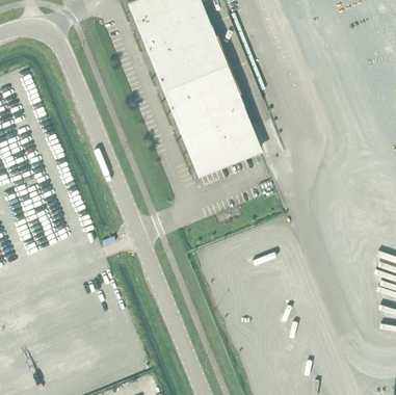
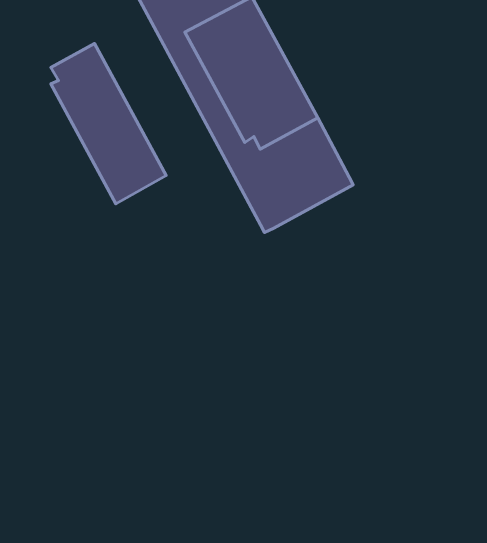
building: none -> [51,44,166,204]

